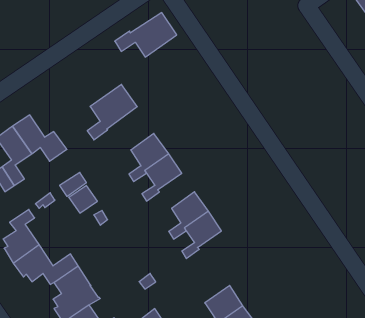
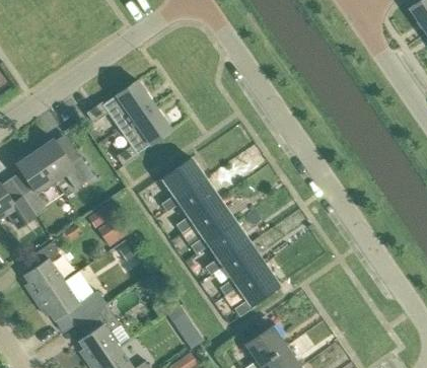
building: [115,13,177,57] -> [86,81,154,130]
building: none -> [192,203,234,253]
building: none -> [235,266,278,316]

